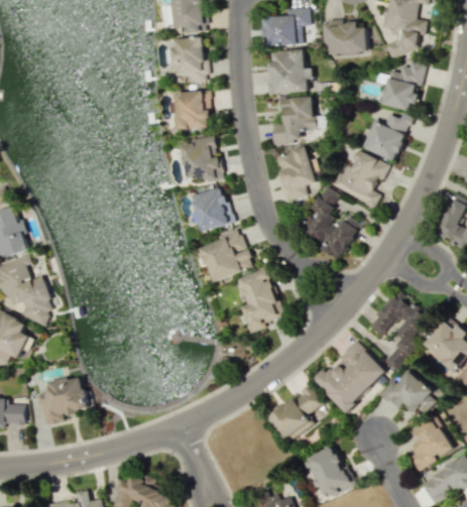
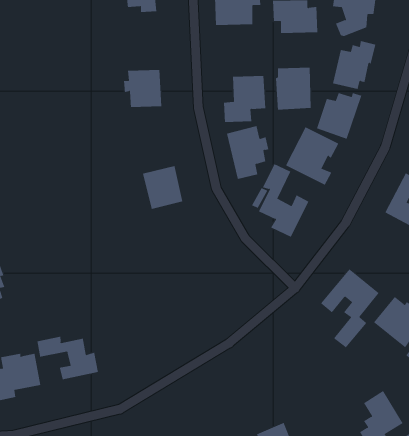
building: [171,37,206,82] -> none
building: [269,50,306,94] -> [275,67,311,110]
building: [182,136,223,182] -> none
building: [201,229,254,282] -> none
building: [239,269,283,331] -> none
building: [313,342,386,412] -> none
building: none -> [37,336,98,380]
building: [379,370,432,417] -> none
building: [267,388,321,441] -> none

